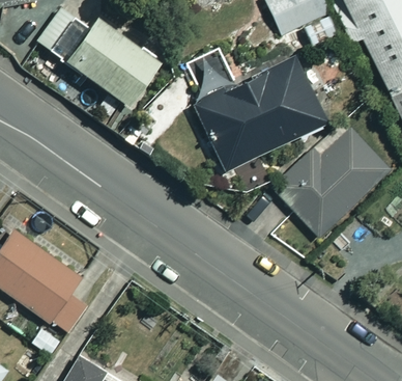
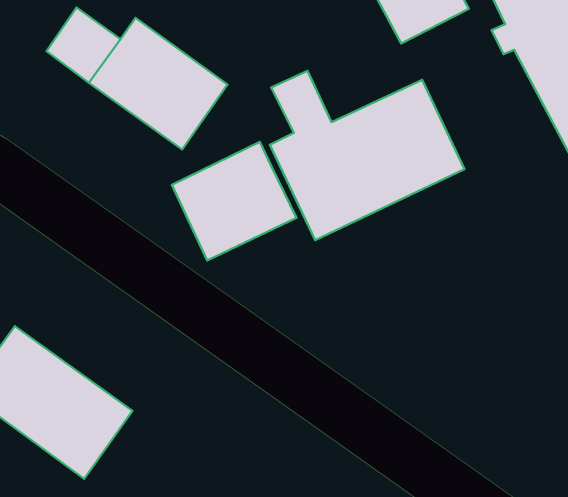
building: none -> [172,142,297,261]
building: [272,128,391,236] -> none

